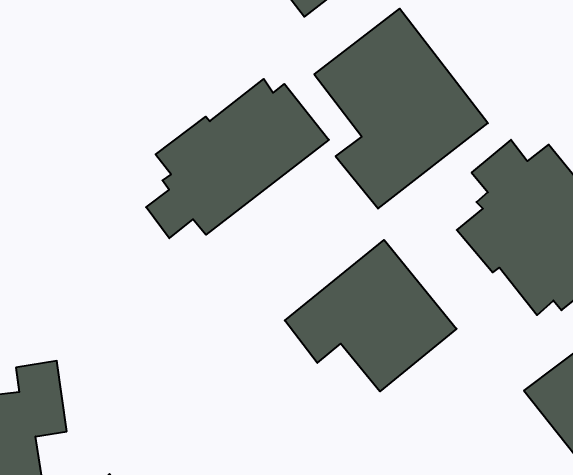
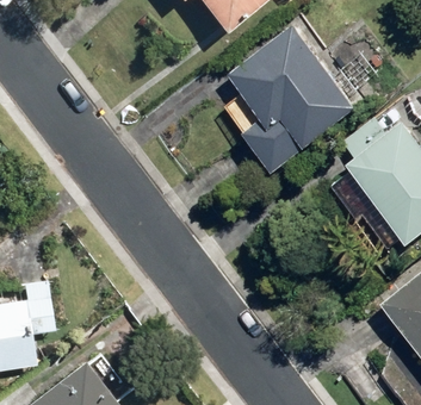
building: [146,79,329,238] -> none
building: [285,240,457,391] -> none

